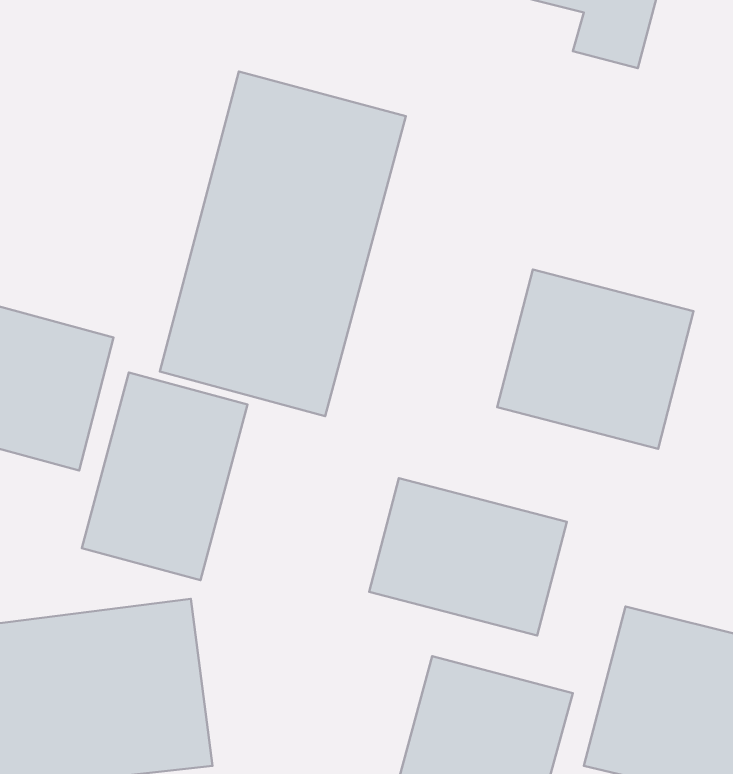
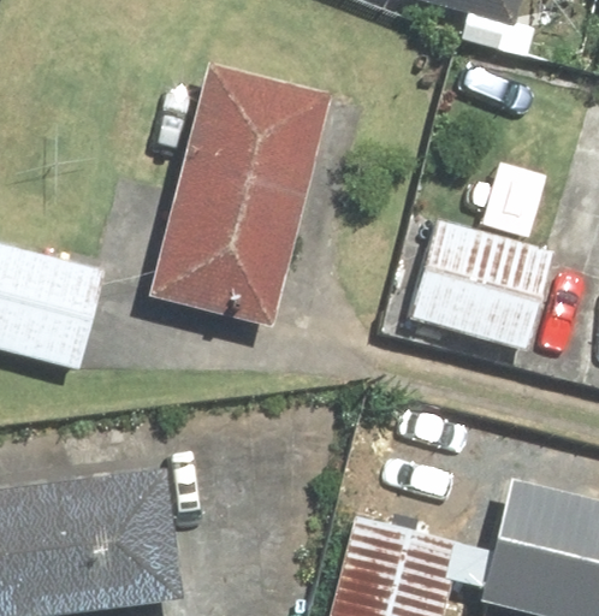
building: [82,372,248,580] -> none
building: [369,478,567,635] -> none

